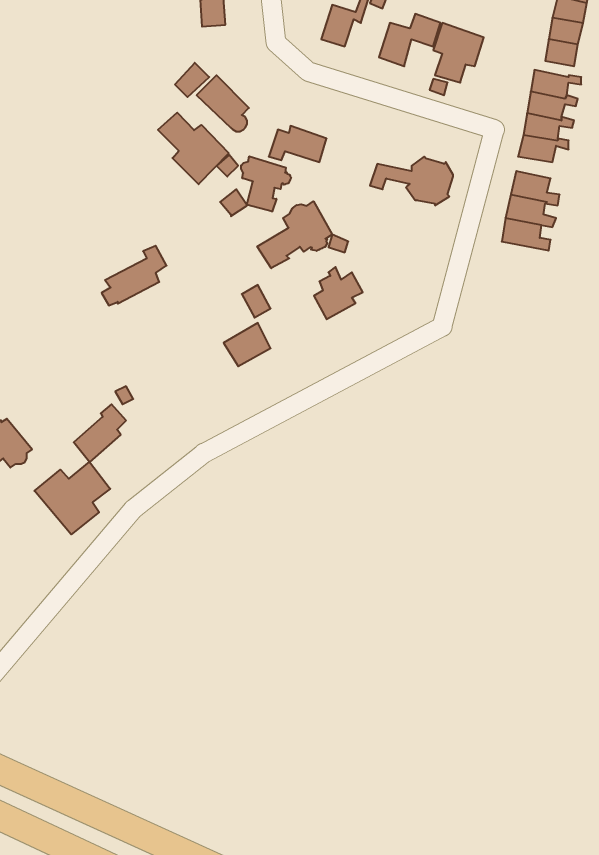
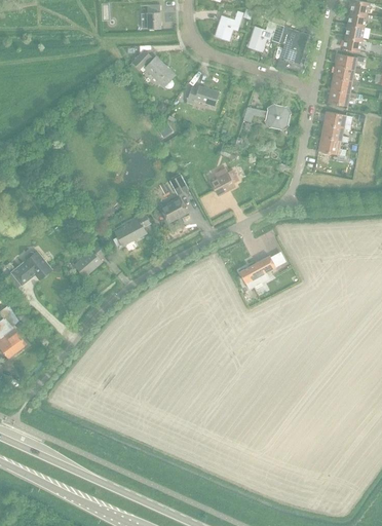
building: [158,113,229,184] -> none
building: [241,156,291,212] -> none
building: [257,201,332,268] -> none
building: [102,246,167,305] -> [111,212,148,246]
building: none -> [237,255,274,289]
building: [34,462,110,534] -> none

